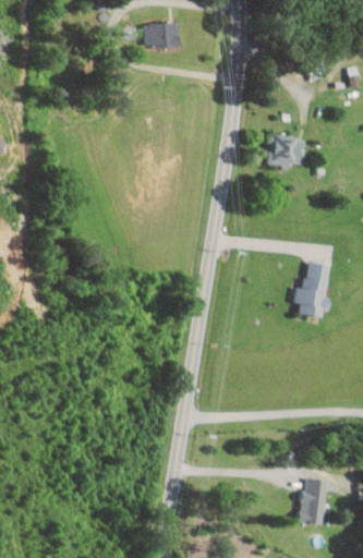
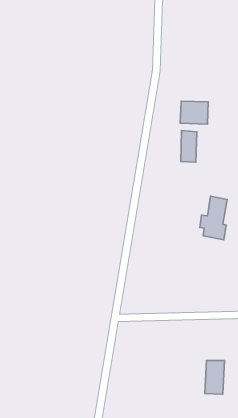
building: [144,24,179,48] -> none
building: none -> [181,131,197,162]

